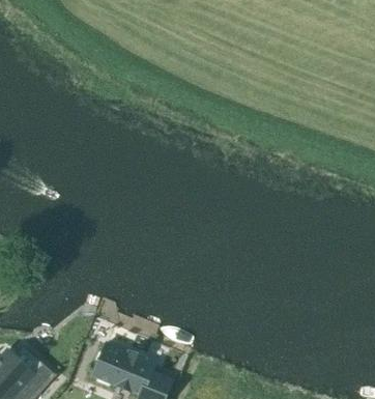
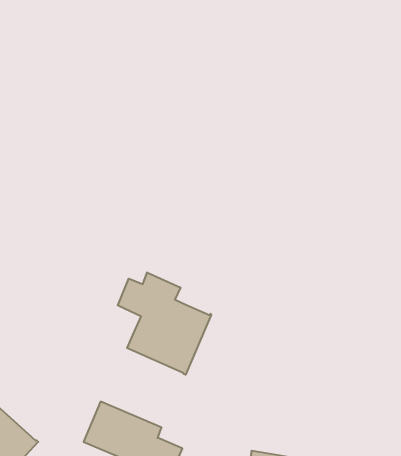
building: none -> [118,272,211,375]

